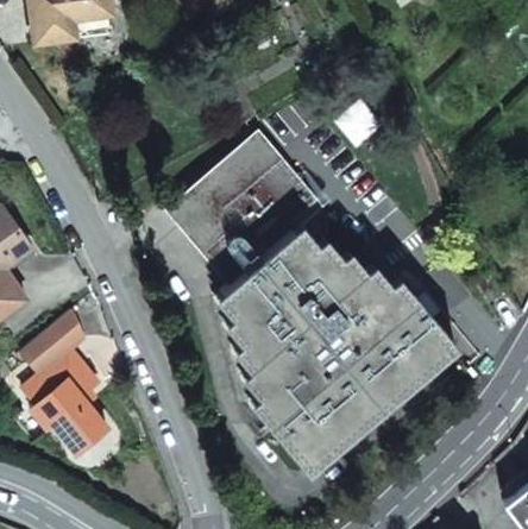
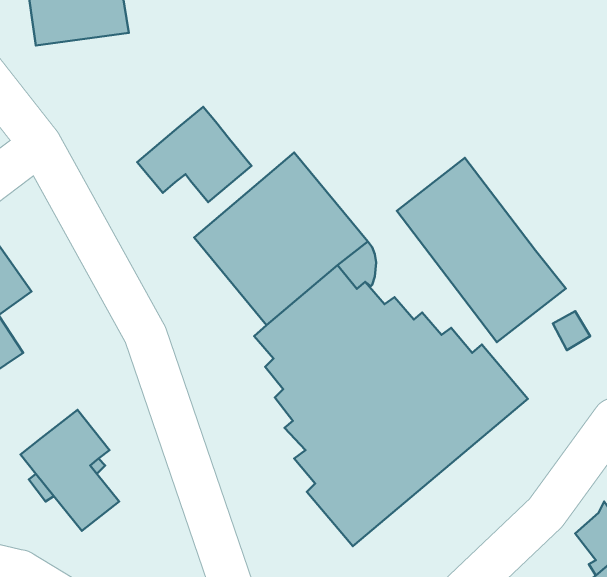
building: none -> [137,107,251,202]
building: none -> [397,158,566,342]
building: [21,311,84,374] -> none

